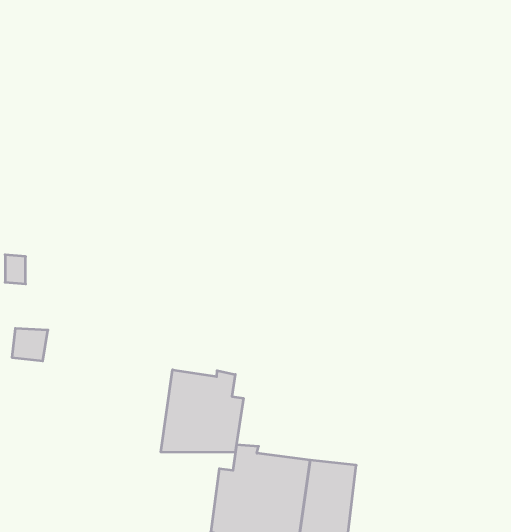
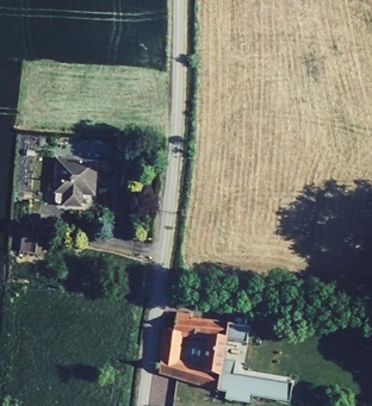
building: none -> [54,158,97,207]
building: [161,370,243,453] -> none

